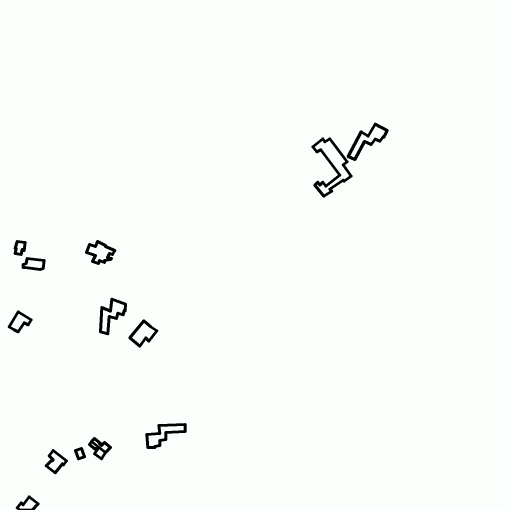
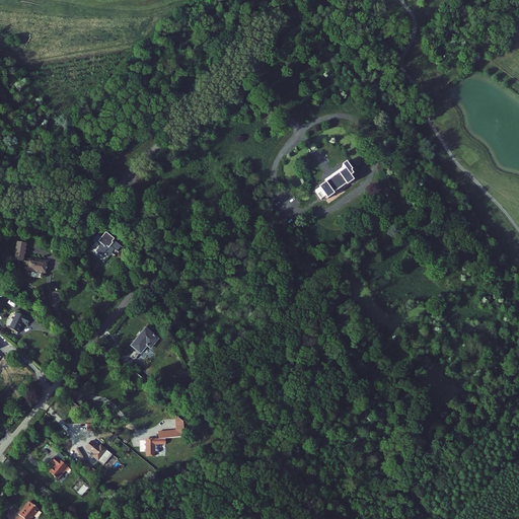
building: [348,124,387,159] -> none
building: [100,299,125,334] -> none

